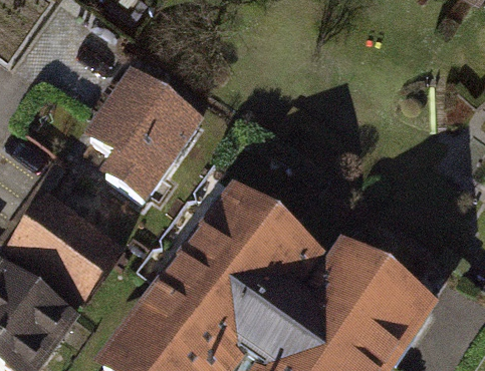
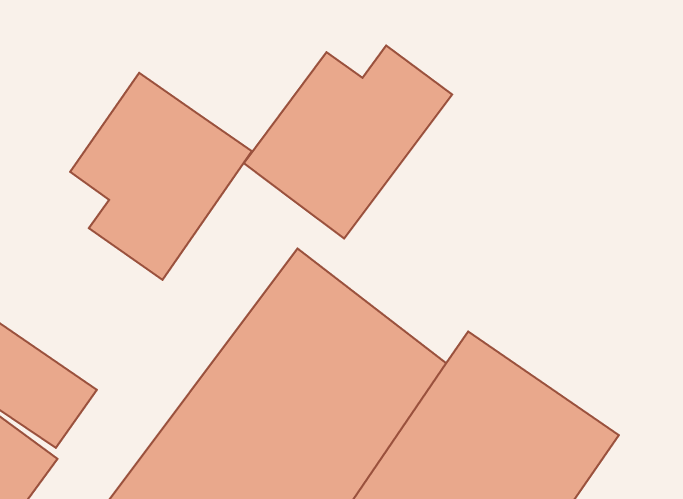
building: none -> [244,46,452,239]

